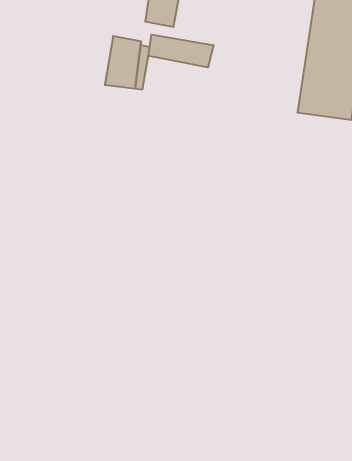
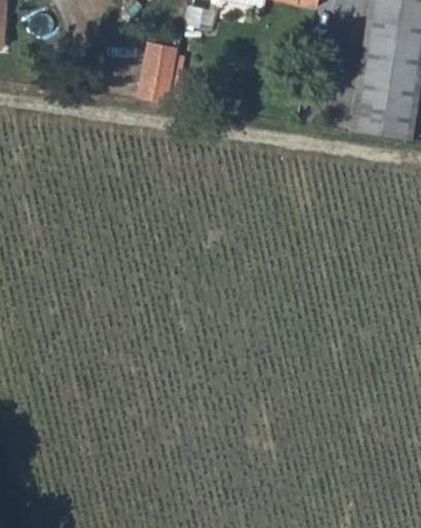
building: [149,35,214,68] -> none

